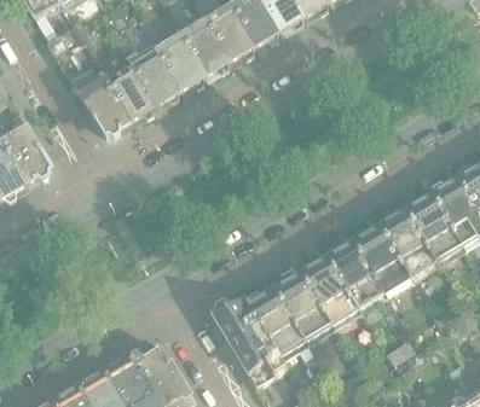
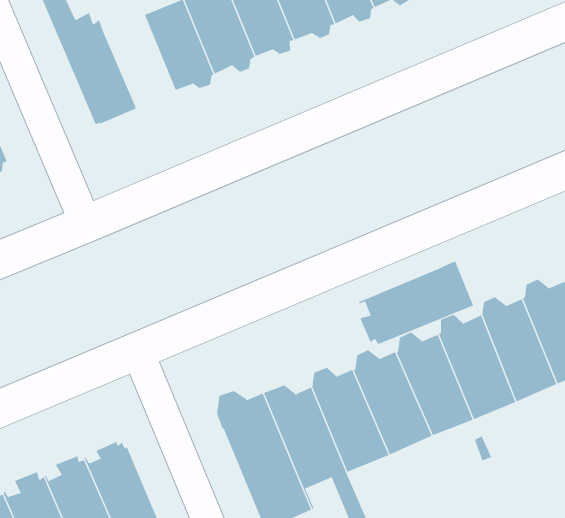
building: [103,59,156,121] -> none
building: none -> [359,261,474,345]

